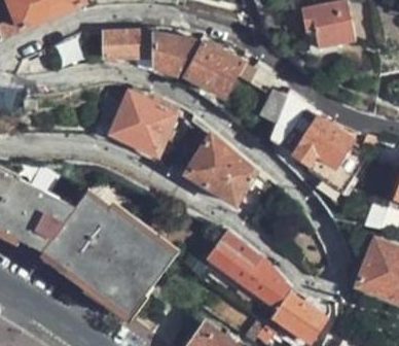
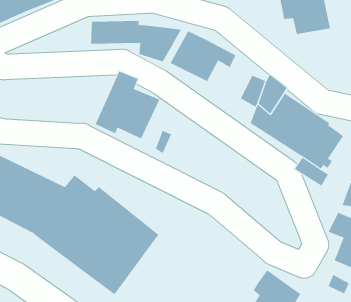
building: [185,135,255,205] -> none
building: [209,231,290,305] -> none

